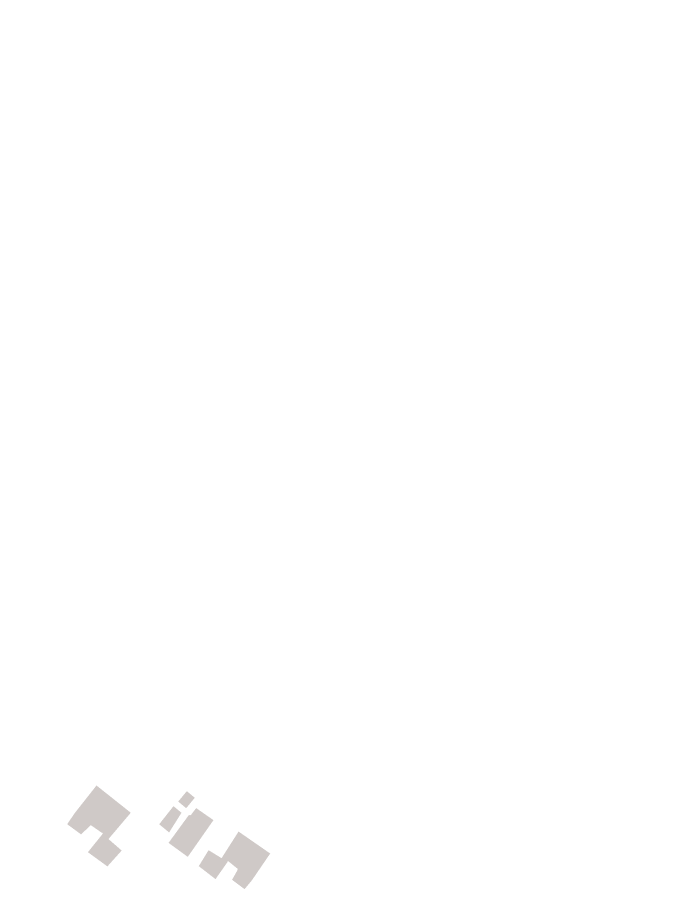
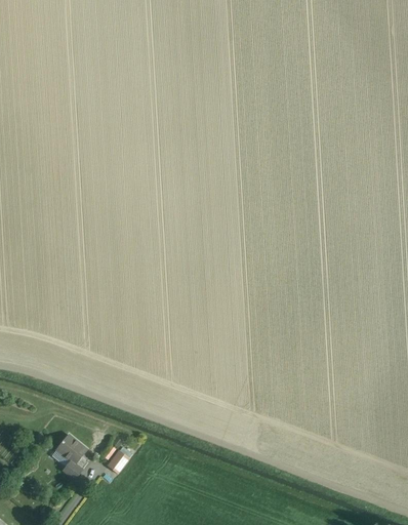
building: [198,831,271,890] -> none

